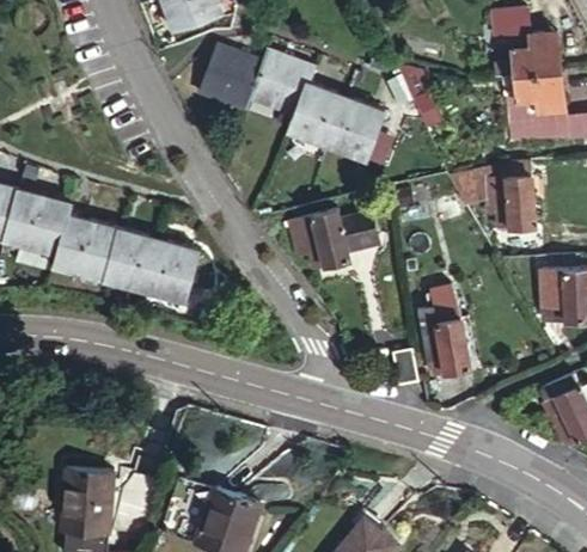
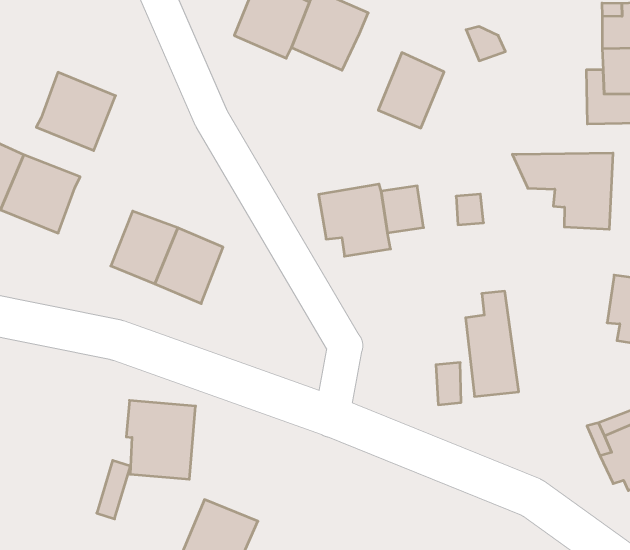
building: [293,81,347,145] -> none
building: [67,232,132,295] -> [36,72,116,151]
building: [55,470,111,532] -> [126,400,196,479]

